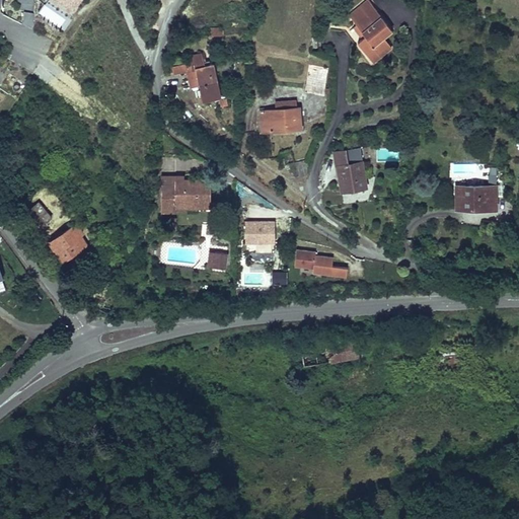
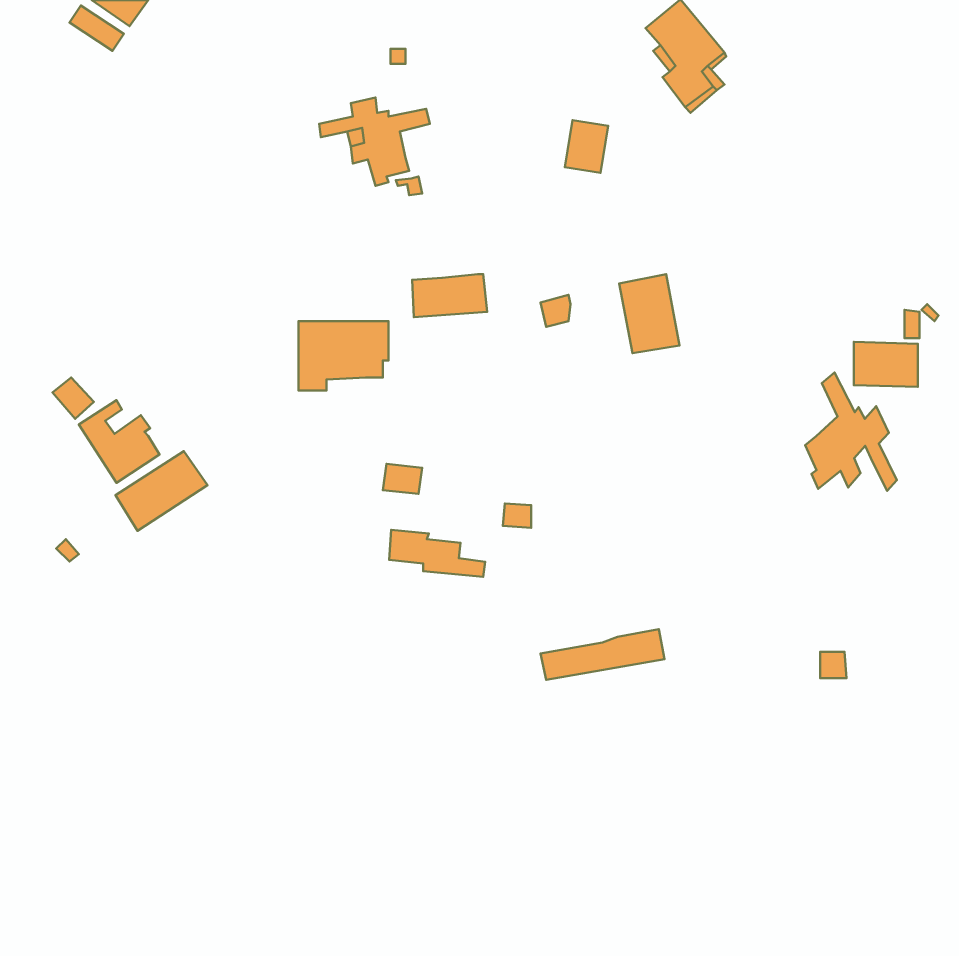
building: [261,109,301,133] -> [412,274,487,317]
building: none -> [805,372,897,491]
building: [245,222,275,252] -> none
building: none -> [115,451,207,531]
building: [294,250,346,276] -> [389,530,485,577]

